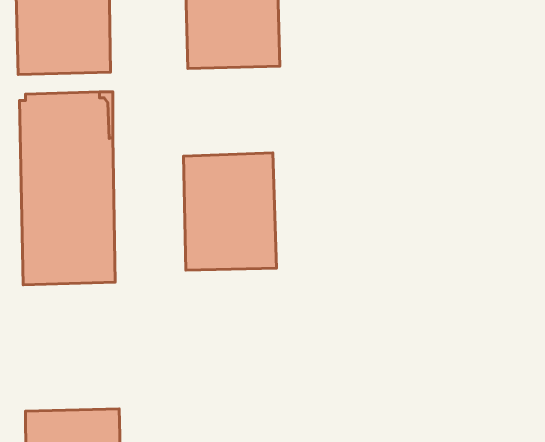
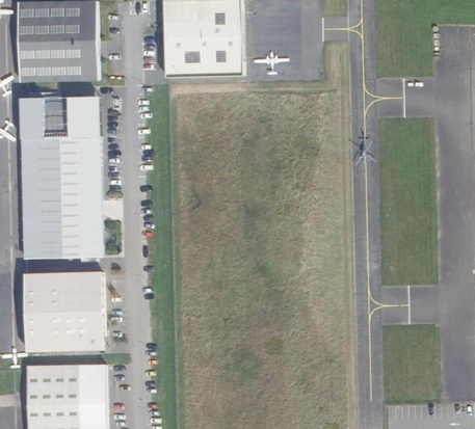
building: [183,153,276,270] -> none
building: none -> [26,271,105,351]

